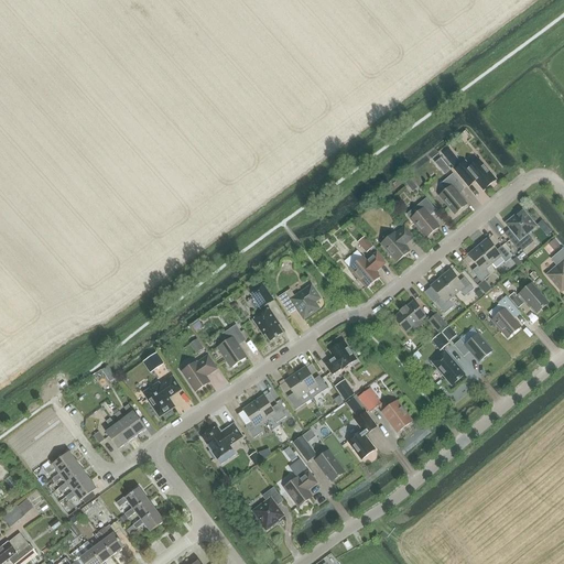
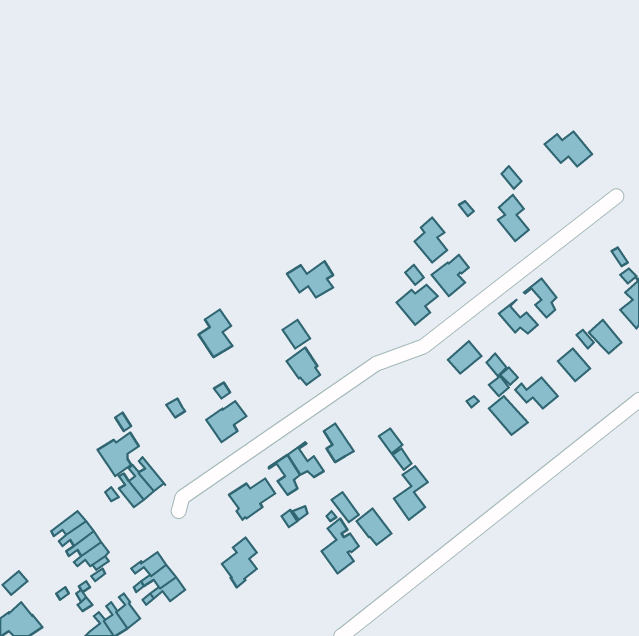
building: [454,158,496,188] -> [545,132,592,167]
building: [410,196,438,236] -> [415,218,447,263]
building: [506,208,535,247] -> none
building: [477,232,510,267] -> none
building: [425,276,454,312] -> none
building: [278,284,318,316] -> [287,261,333,298]
building: [217,324,247,366] -> [199,310,232,357]
building: [324,340,356,372] -> none
building: [295,362,327,398] -> none
building: [143,376,180,414] -> [97,432,139,476]
building: [357,387,412,431] -> none
building: [252,486,283,530] -> [222,538,257,588]

